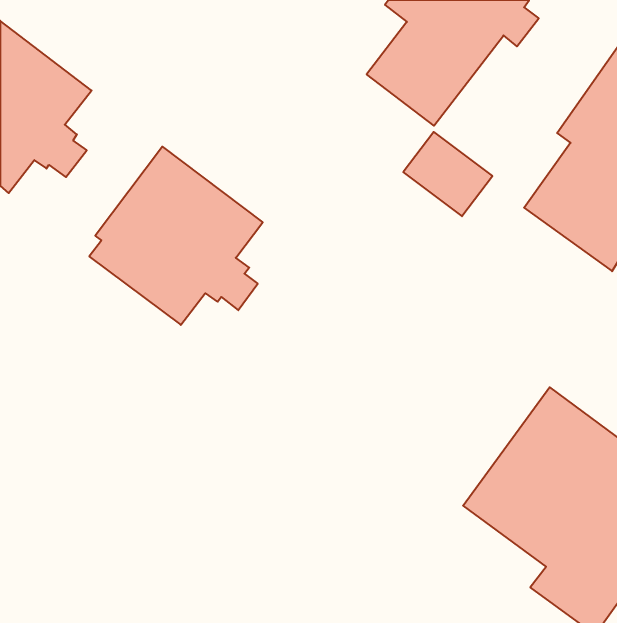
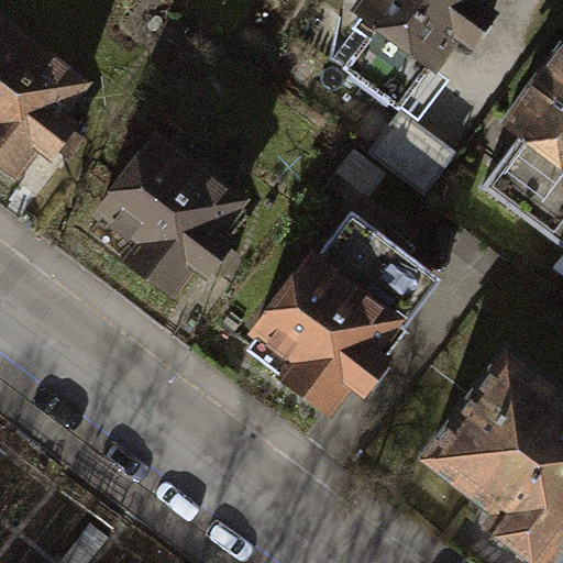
building: none -> [243,207,445,411]

